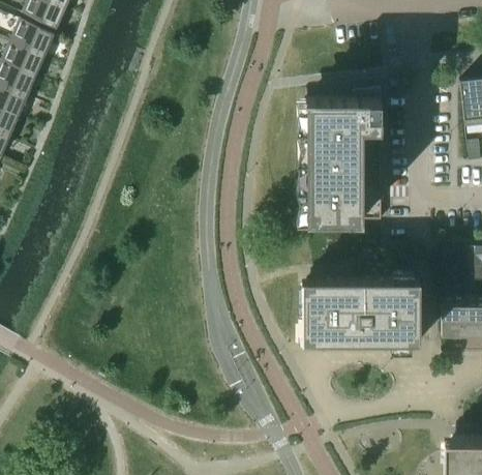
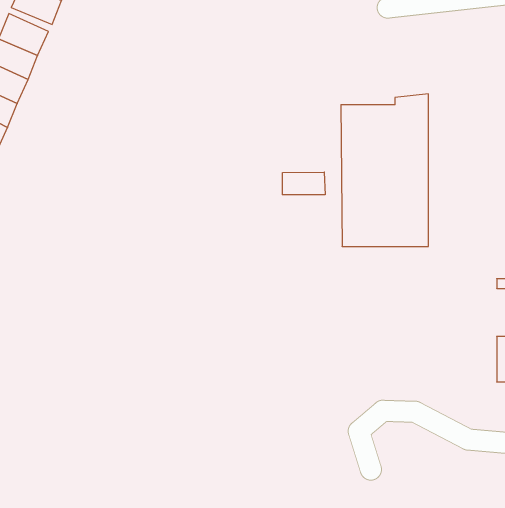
building: none -> [282,172,325,195]
building: [306,283,419,345] -> none

